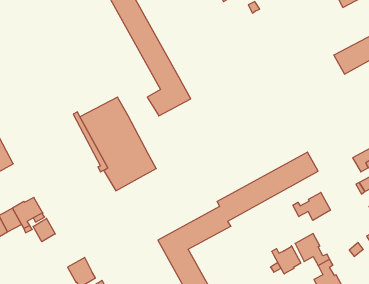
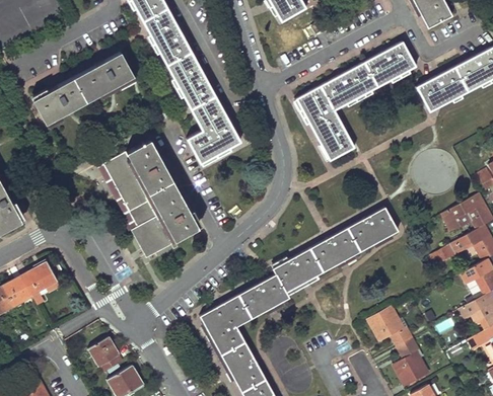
building: none -> [297,42,416,159]
building: none -> [31,52,133,124]
building: [293,192,330,220] -> none
building: [33,218,55,242] -> none
building: [272,246,301,274] -> none

